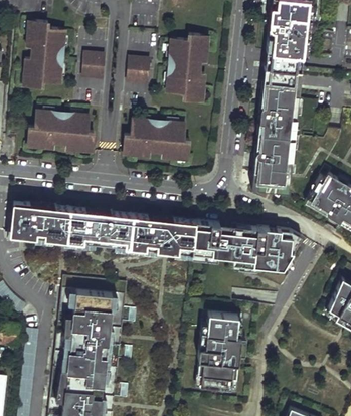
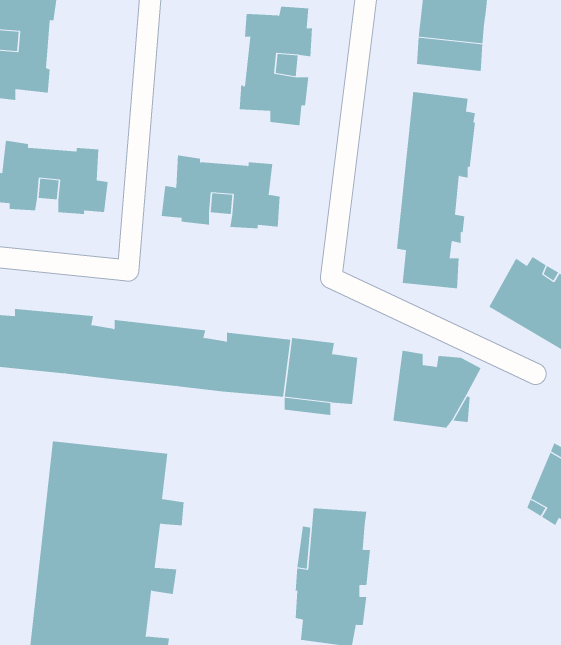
building: [81,52,105,79] -> none
building: [127,57,149,83] -> none
building: [262,67,301,94] -> none
building: [218,222,256,265] -> none

